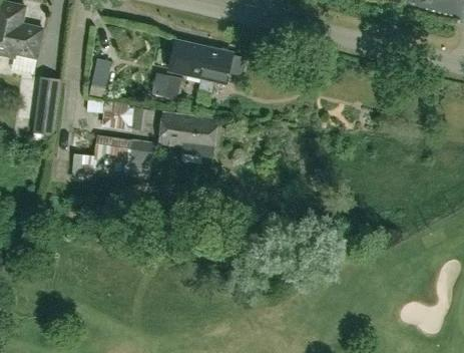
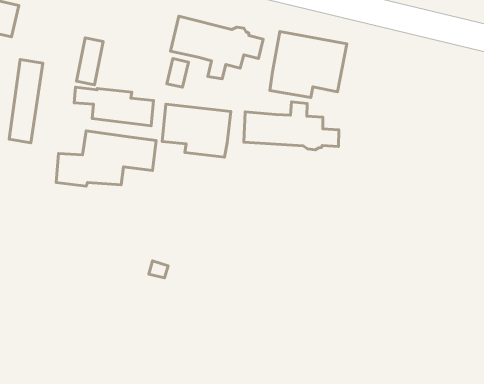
building: none -> [270,32,347,98]
building: none -> [244,102,339,150]

